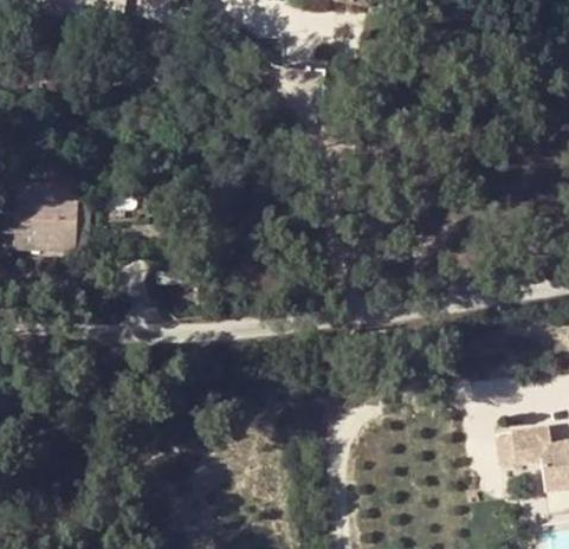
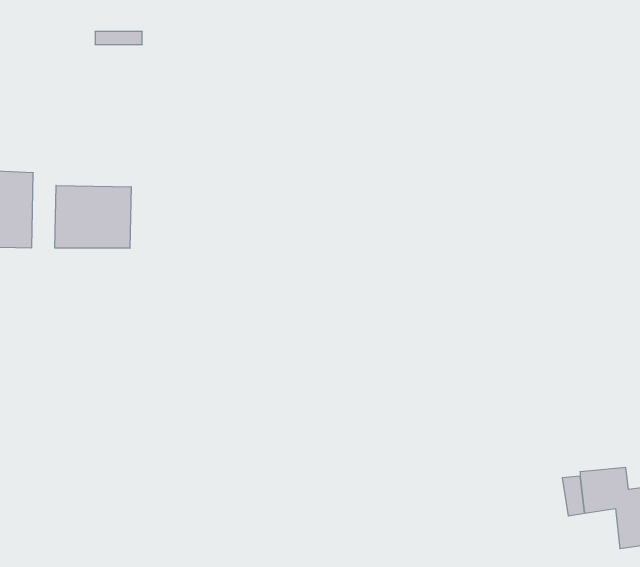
building: none -> [55,185,131,248]

